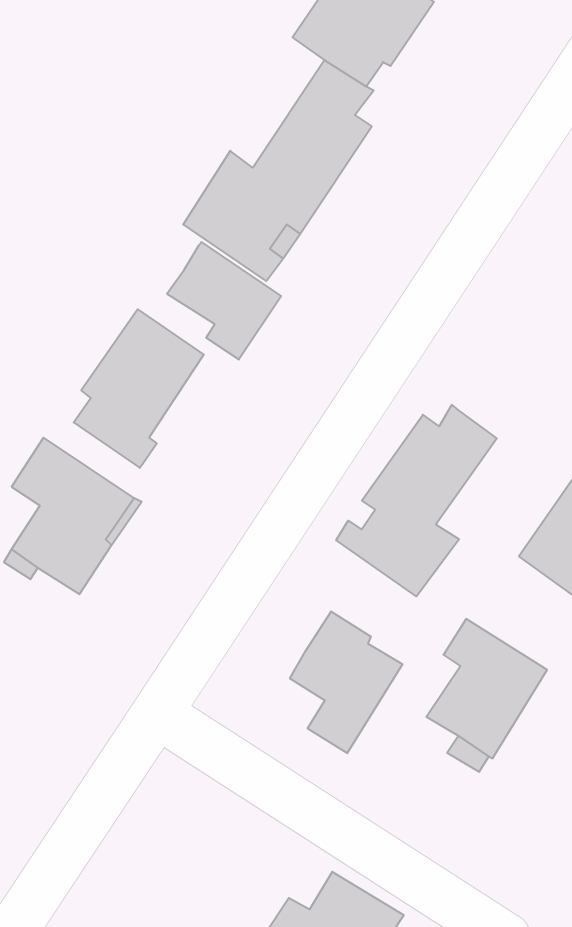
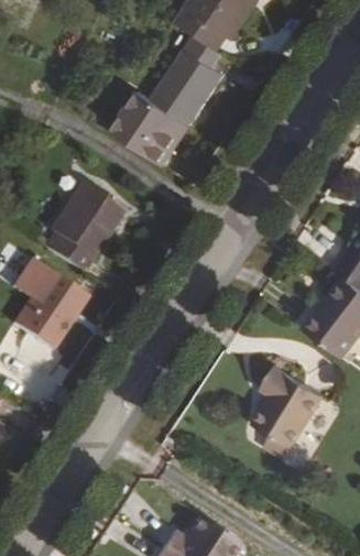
building: [167,242,281,360] -> none
building: [336,405,497,596] -> none
building: [290,611,402,753] -> none

